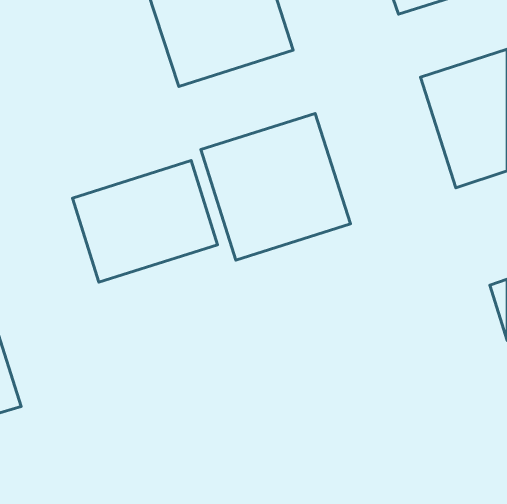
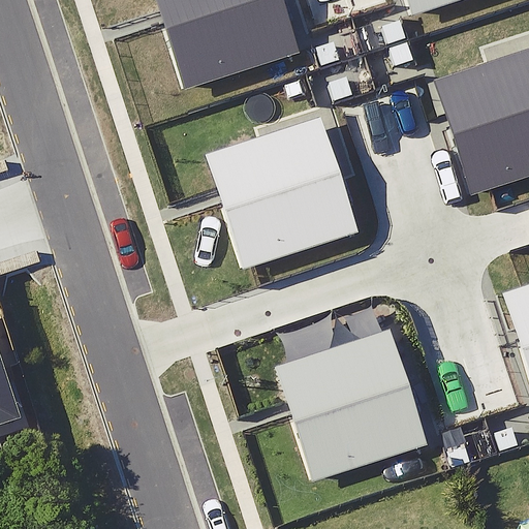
building: [73,161,218,282] -> none
building: none -> [278,329,433,479]

